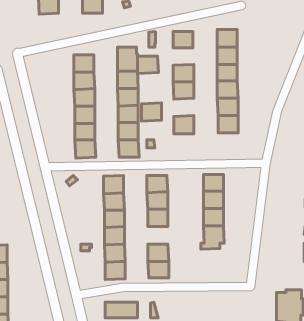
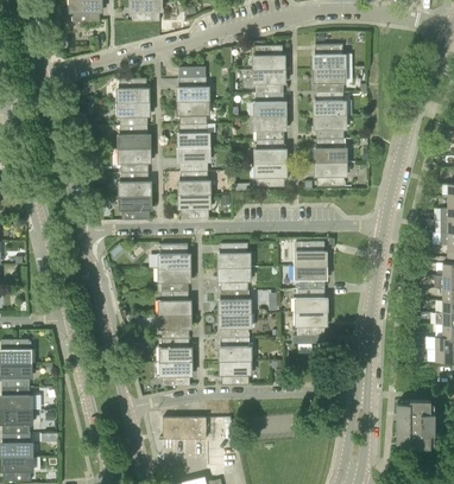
building: [137,56,158,73] -> [256,70,284,94]
building: [141,103,161,121] -> [257,139,284,164]
building: none -> [221,314,248,338]

